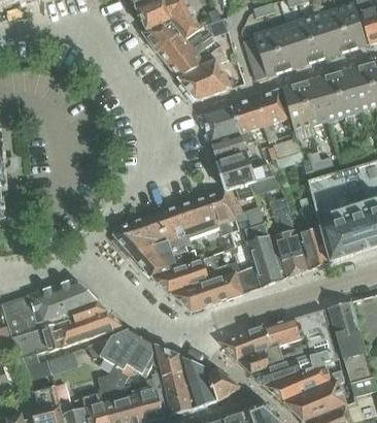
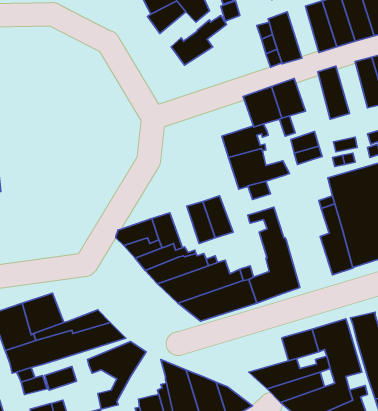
building: [270,23,299,70] -> none
building: [153,24,209,60] -> none
building: [176,45,235,99] -> none
building: [314,73,343,121] -> none
building: [280,83,309,130] -> none
building: [201,105,239,141] -> none
building: [208,190,235,234] -> none
building: [269,196,307,280] -> none
building: [163,205,191,248] -> none
building: [56,280,97,312] -> none
building: [220,326,271,357] -> none
building: [114,338,159,387] -> none

